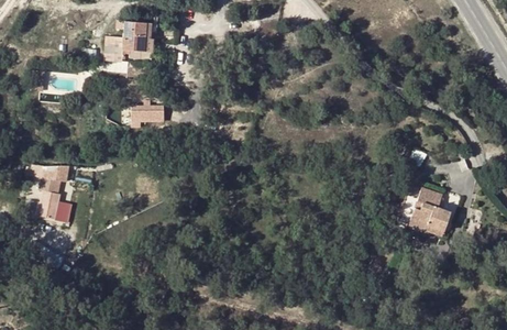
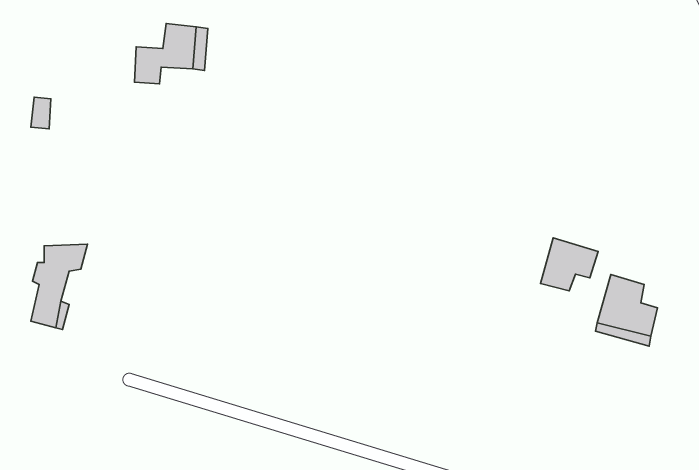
building: [135,102,170,124] -> none
building: none -> [540,238,598,291]

